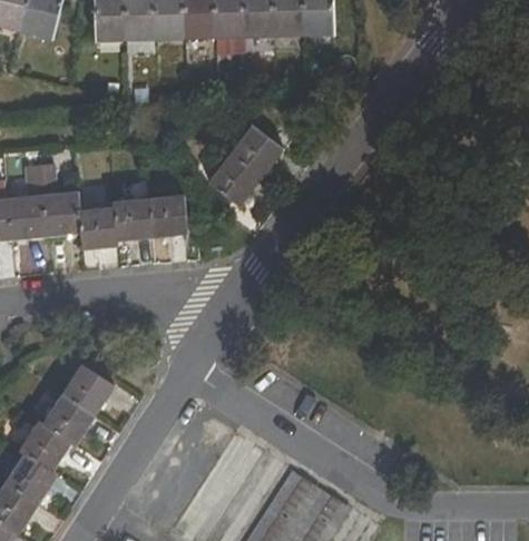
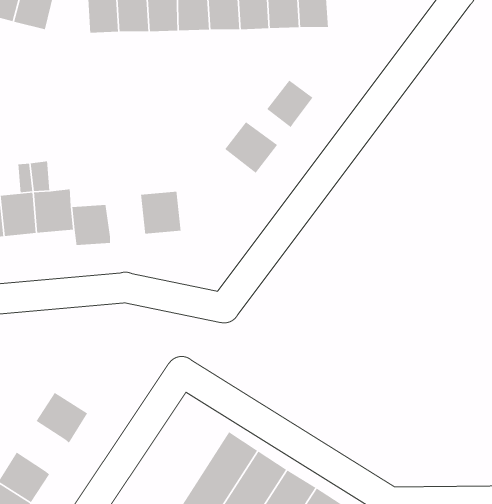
building: none -> [266,79,313,128]
building: [207,154,261,207] -> none
building: [112,198,150,240] -> none
building: [61,364,114,415] -> none
building: [18,421,71,472] -> none

